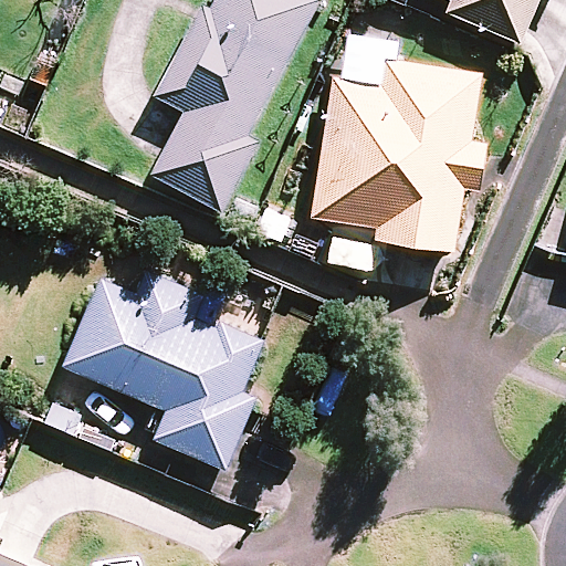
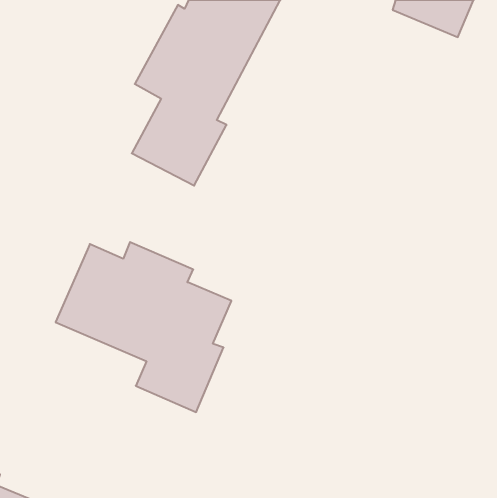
building: [311,59,485,252] -> none

